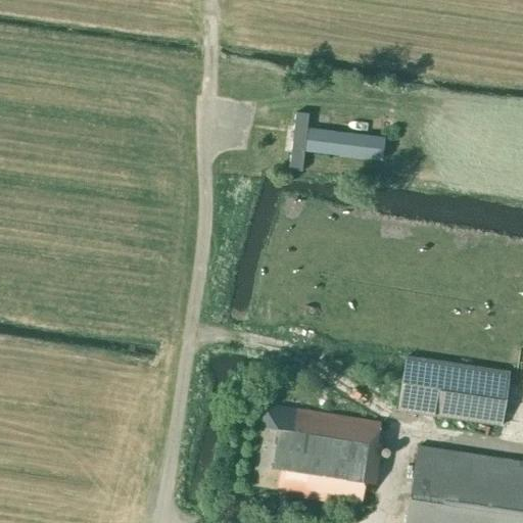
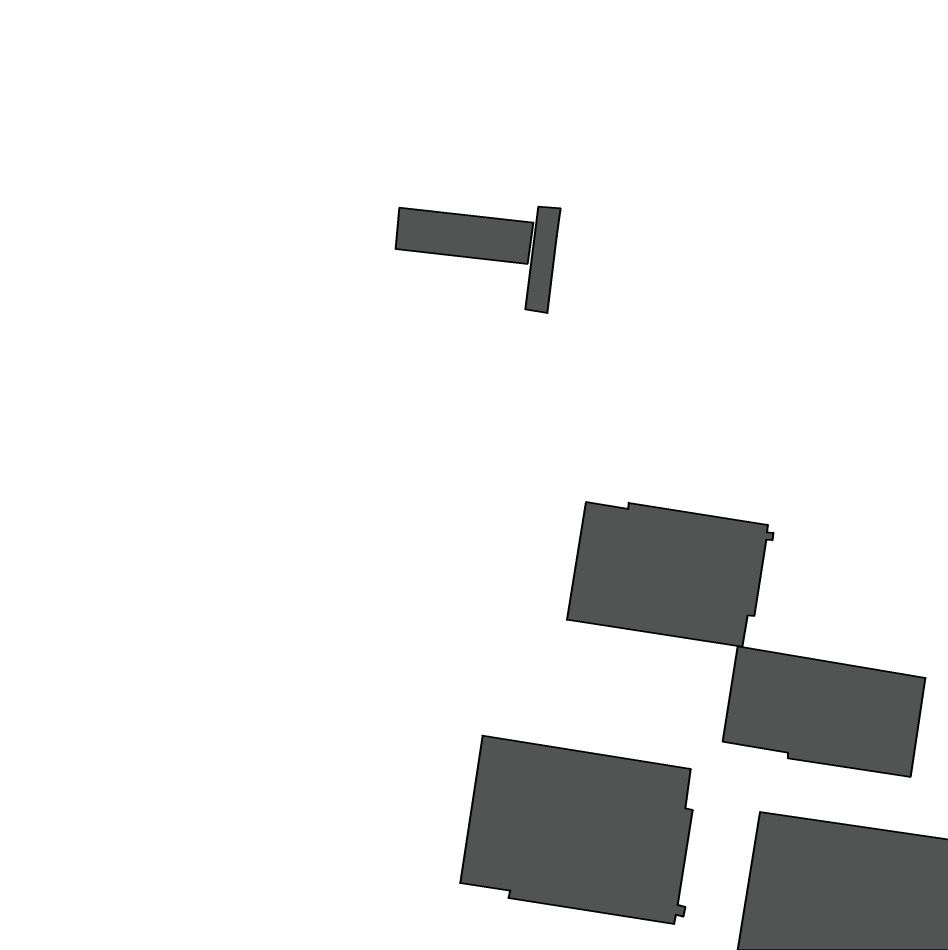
building: [308,129,384,159] -> [396,208,533,264]
building: none -> [567,502,773,647]

